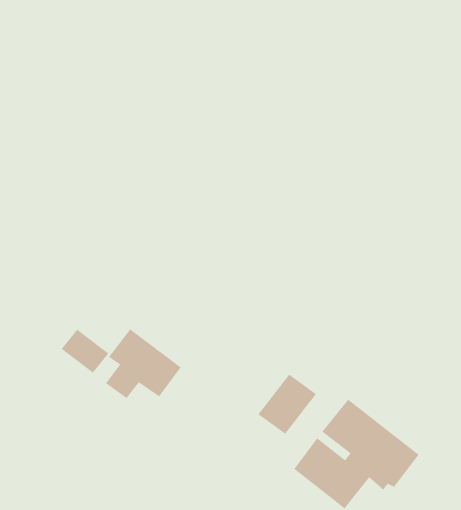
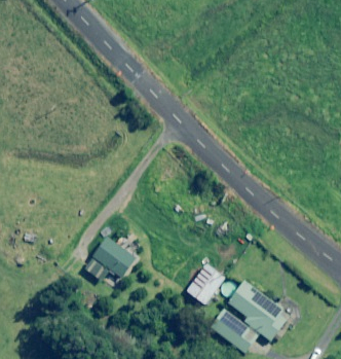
building: [61,329,109,374] -> none

